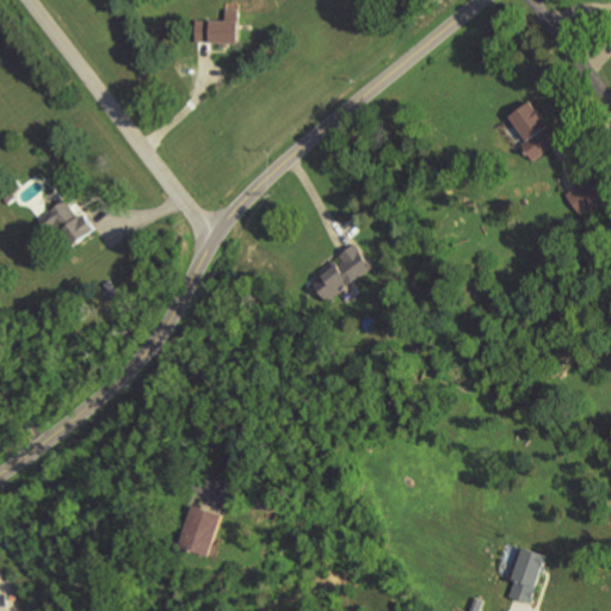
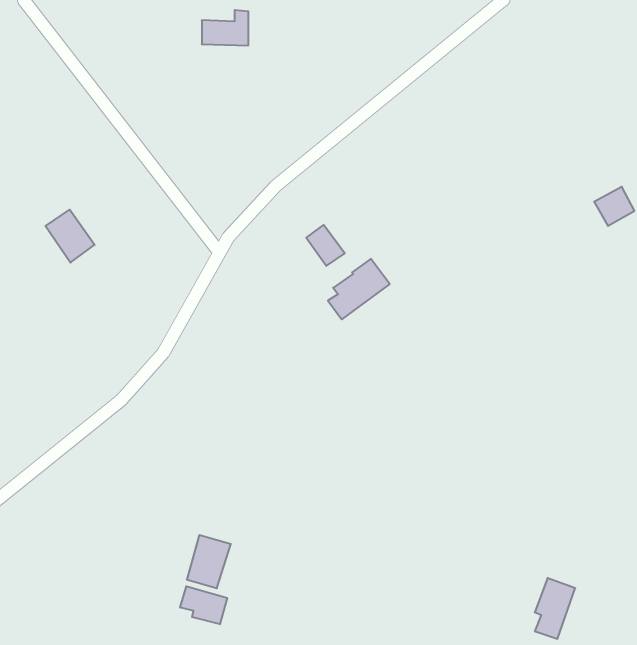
building: [507,99,558,160] -> none
building: none -> [306,225,345,266]
building: none -> [180,586,227,624]

